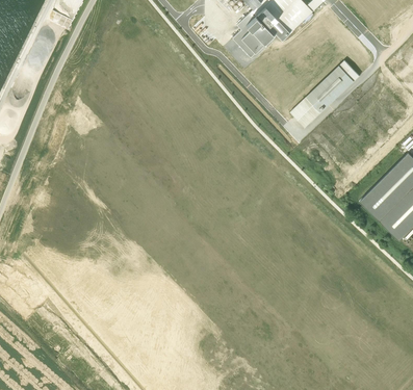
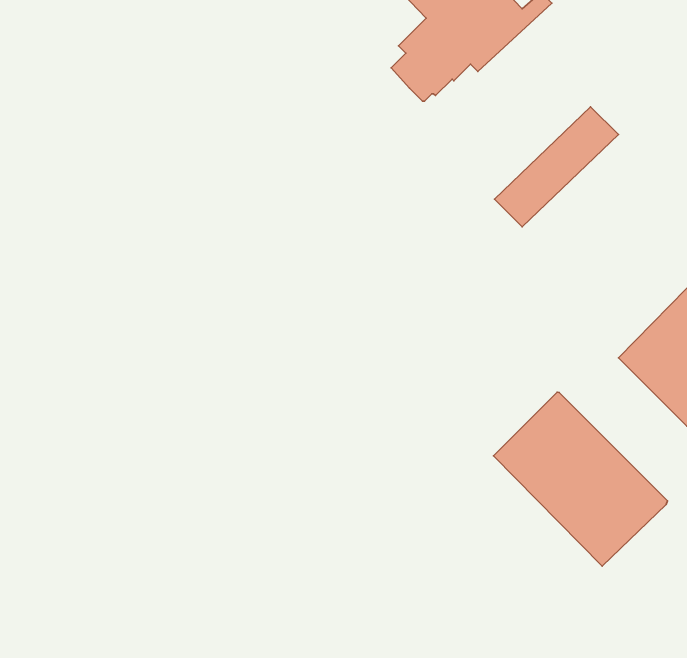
building: none -> [494,392,667,566]

